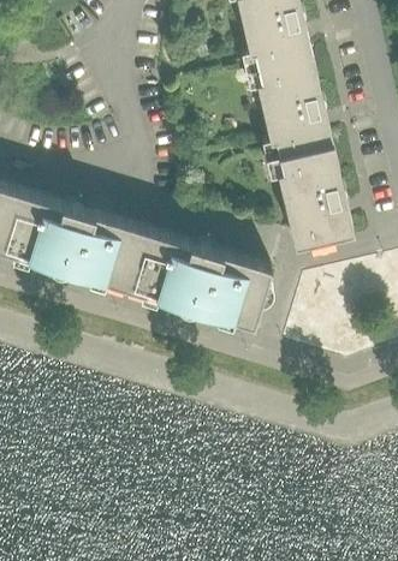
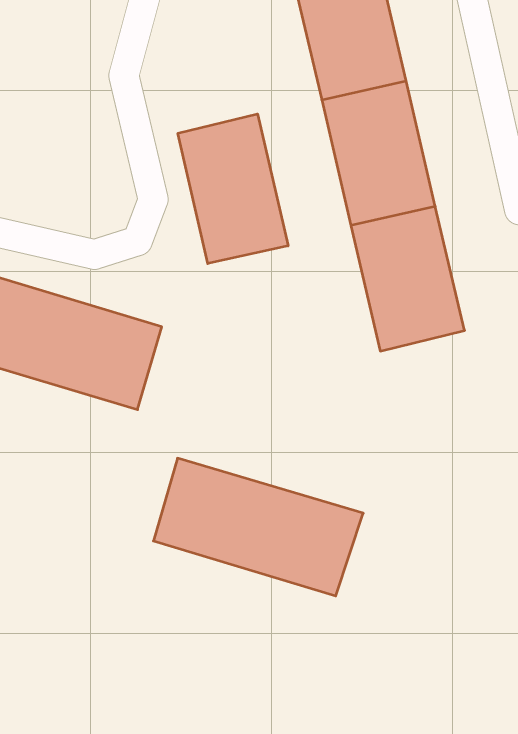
building: none -> [178,114,288,264]
building: [127,239,274,335] -> [153,458,363,596]

